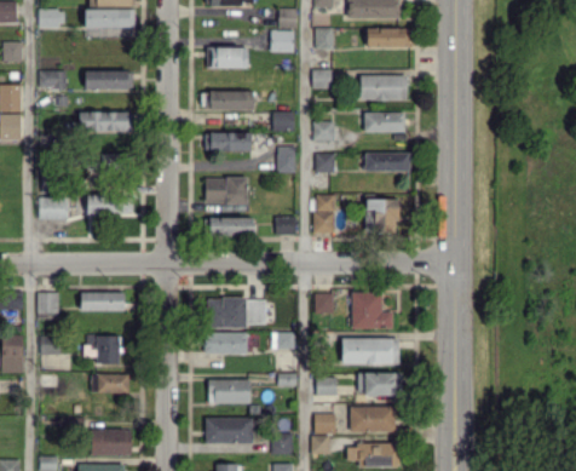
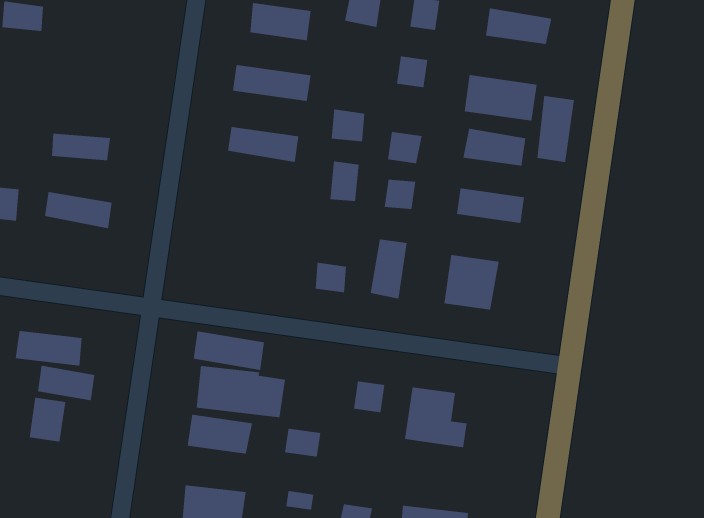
building: [85,70,132,90] -> none
building: none -> [537,95,574,163]
building: [79,111,128,131] -> none
building: [205,177,247,203] -> none
building: [206,217,253,237] -> [193,331,265,370]
building: [341,338,398,364] -> none
building: [91,373,128,392] -> [37,365,95,401]

